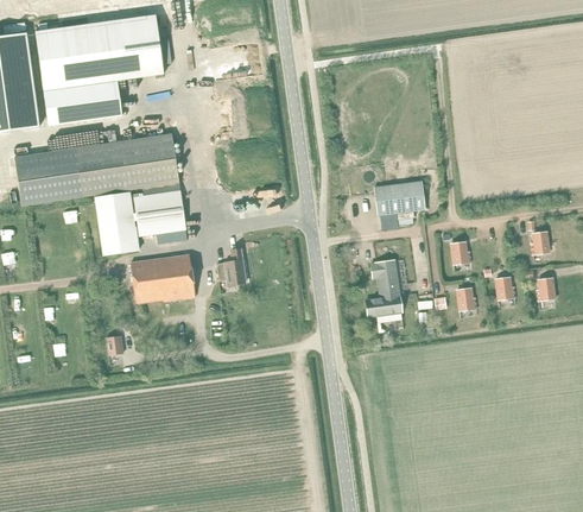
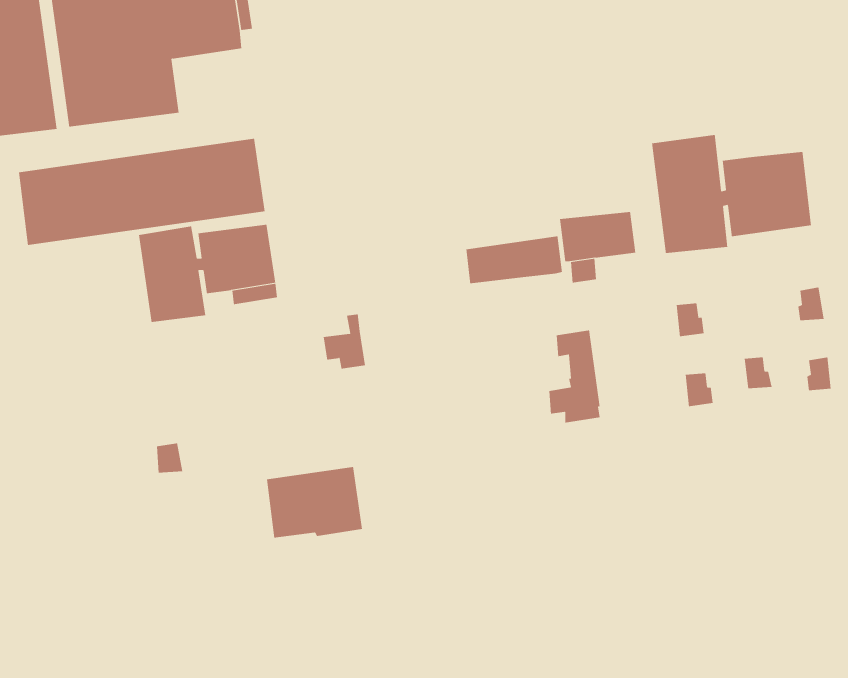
building: none -> [652,134,812,254]
building: none -> [466,236,562,284]
building: [131,254,195,302] -> [266,467,363,538]

